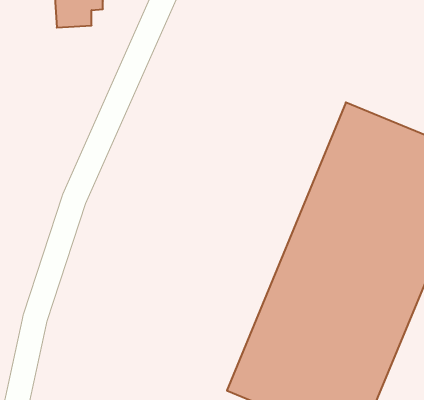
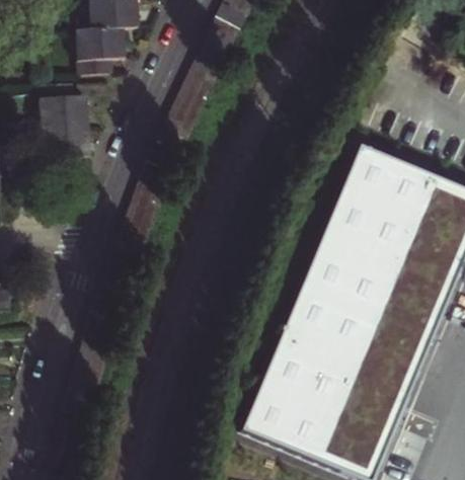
building: none -> [35,84,86,167]

